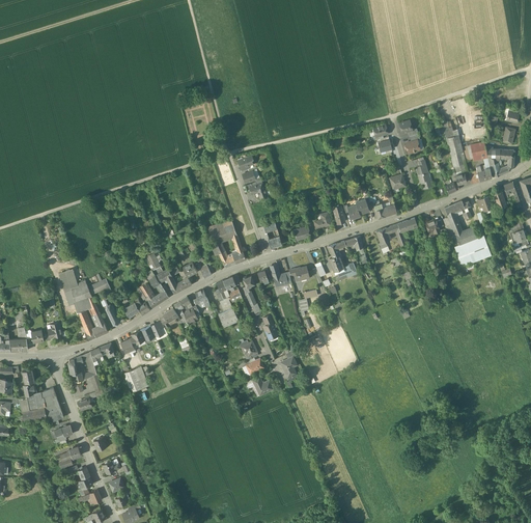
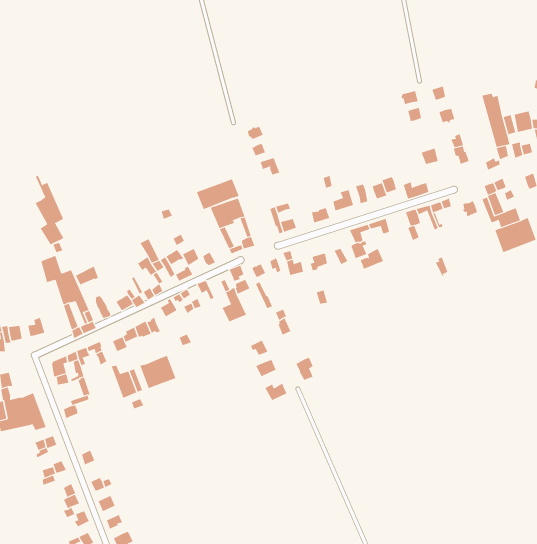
building: none -> [35,175,64,245]
building: none -> [196,178,240,210]
building: none -> [140,355,176,389]

